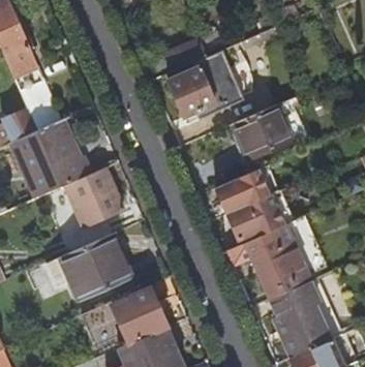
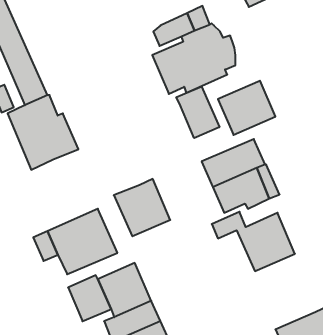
building: none -> [176,86,219,138]
building: [65,169,122,226] -> [114,179,170,236]
building: [256,280,330,357] -> none

